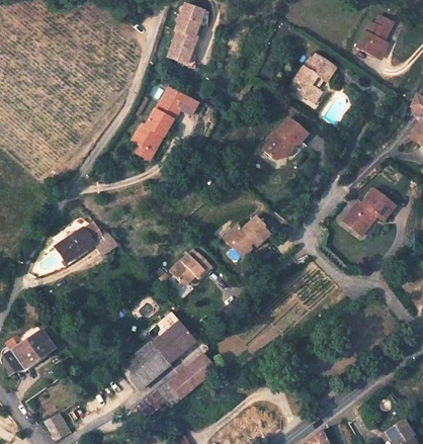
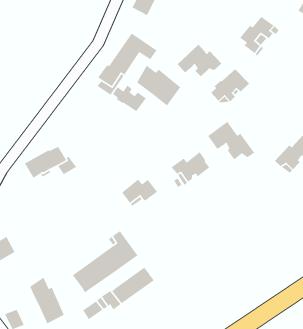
building: none -> [177,44,222,77]
building: none -> [136,65,181,106]
building: none -> [112,84,147,112]
building: none -> [207,121,255,160]
building: none -> [29,276,65,325]

